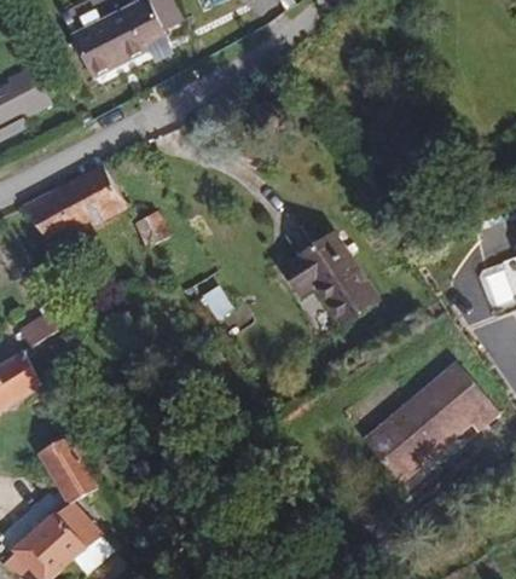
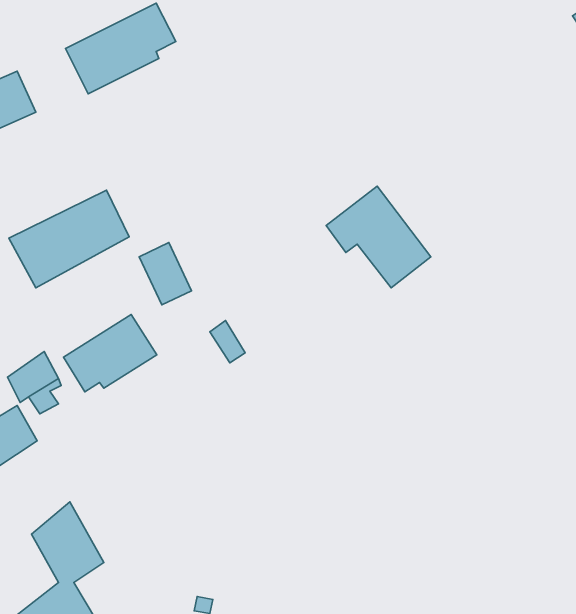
building: [291,237,381,324] -> [326,186,431,288]
building: none -> [64,314,157,392]
building: [358,357,483,473] -> none

